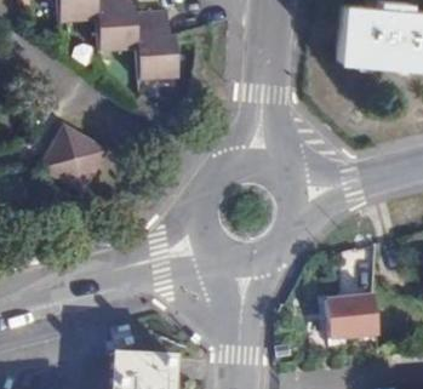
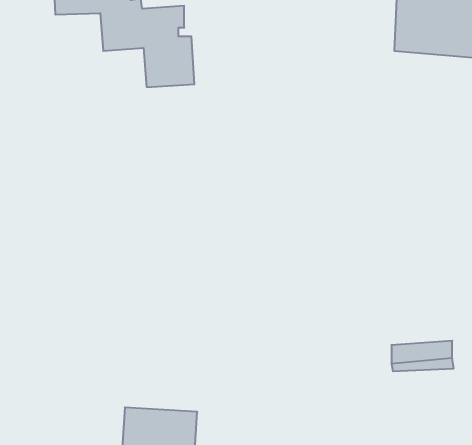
building: [39,130,97,189] -> none

